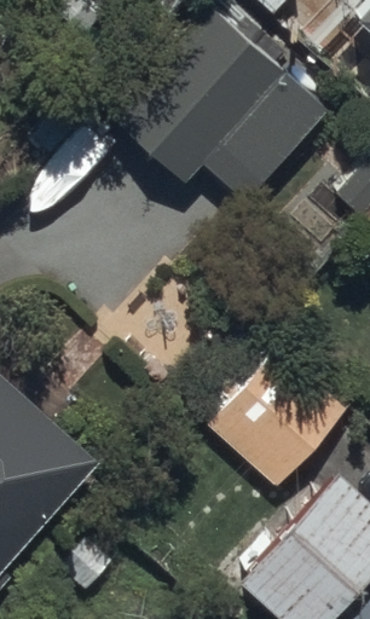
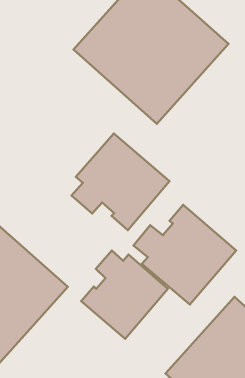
building: none -> [72,133,170,230]
building: none -> [81,251,168,339]

